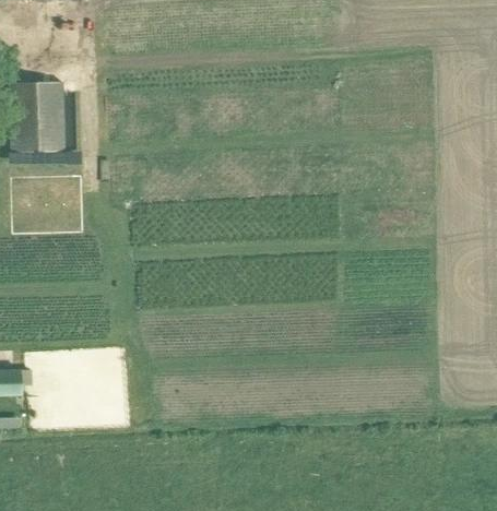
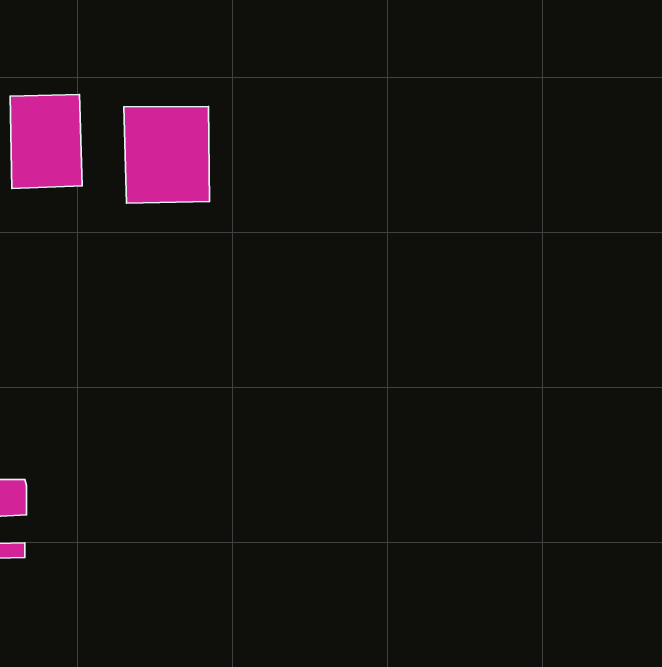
building: none -> [124,107,209,203]

